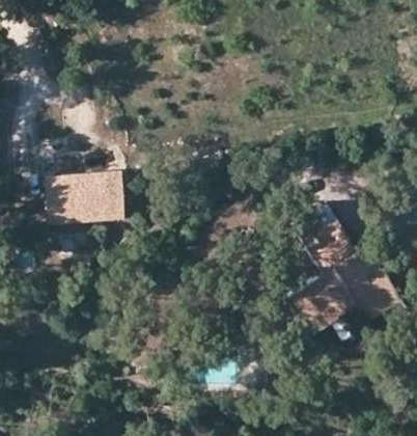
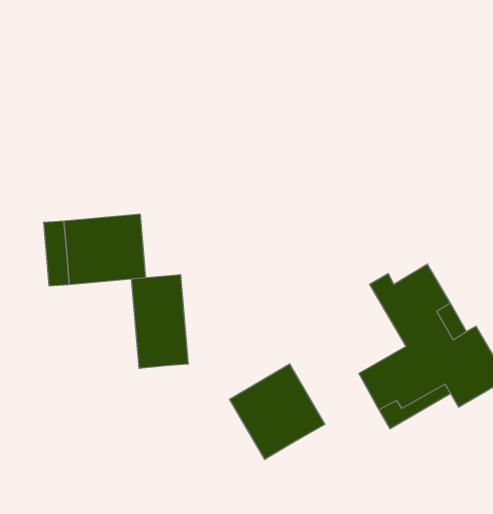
building: none -> [131,274,188,369]
building: none -> [230,364,325,460]

